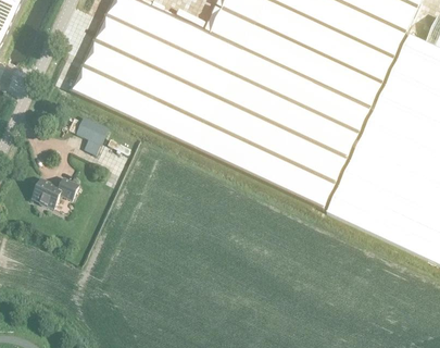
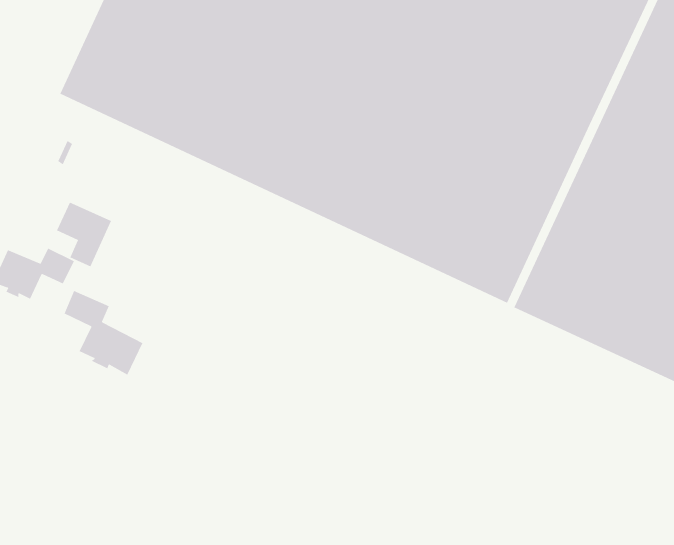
building: [78,115,110,152] -> [56,202,112,267]
building: none -> [64,290,143,375]

